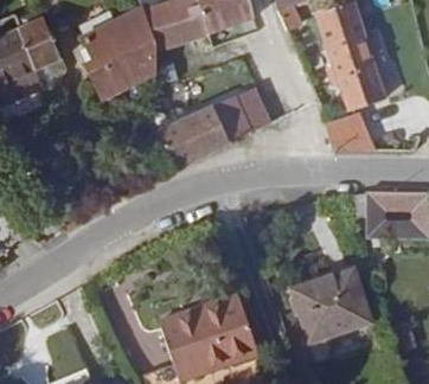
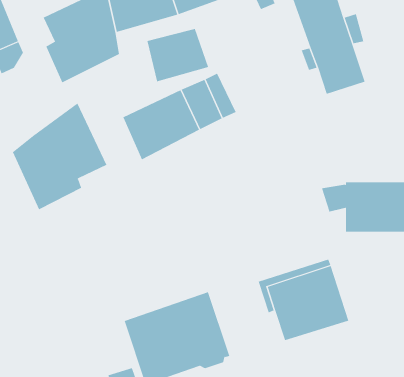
building: none -> [147,28,209,82]
building: [325,114,373,151] -> none
building: none -> [12,103,107,210]

